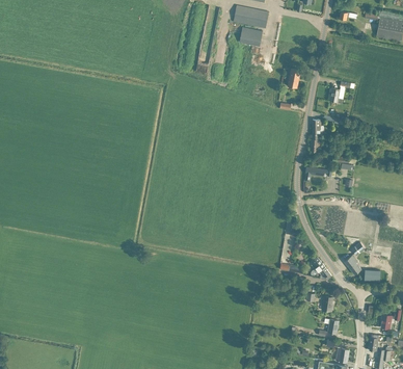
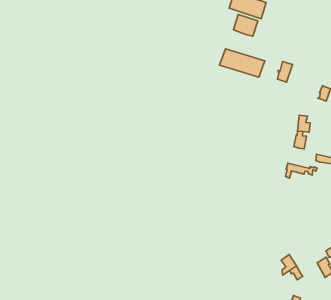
building: none -> [220,49,265,77]

